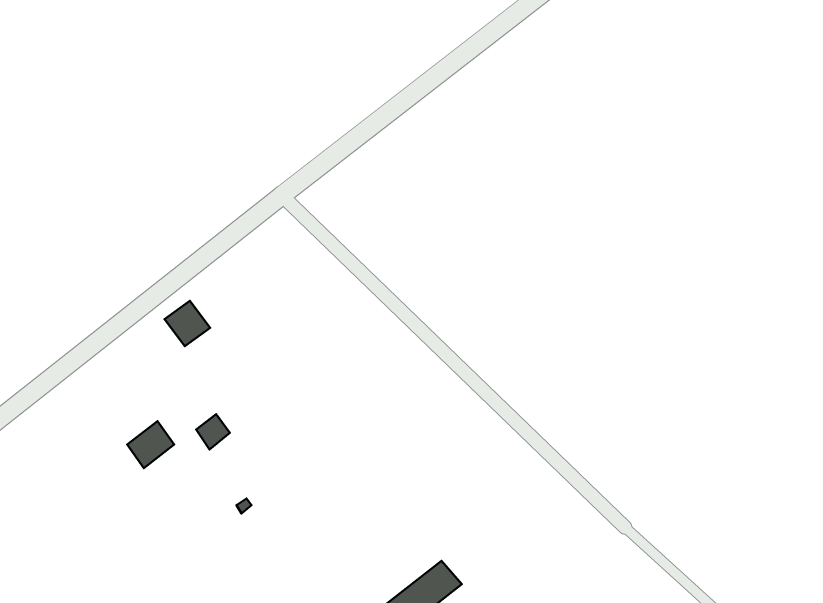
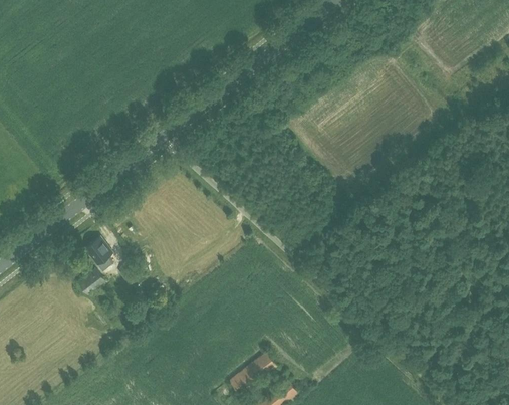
building: [165,301,210,346] -> [84,236,111,263]

